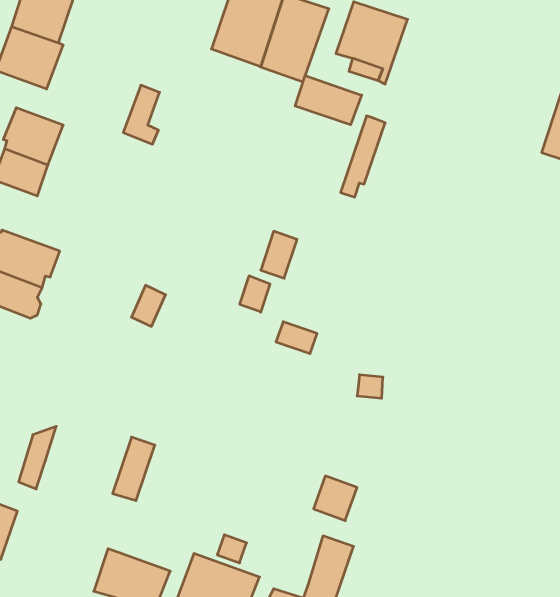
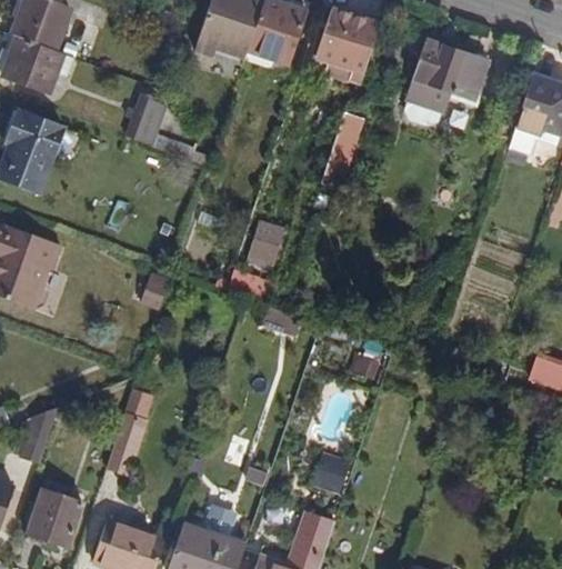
building: none -> [412,33,495,130]
building: [295,76,362,125] -> none
building: none -> [28,490,86,549]

